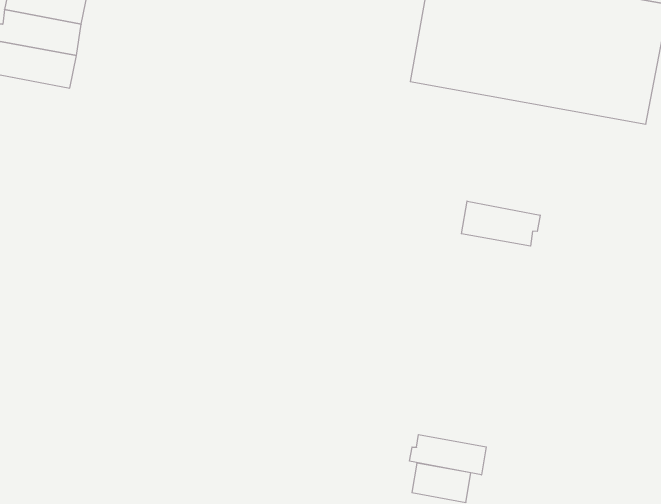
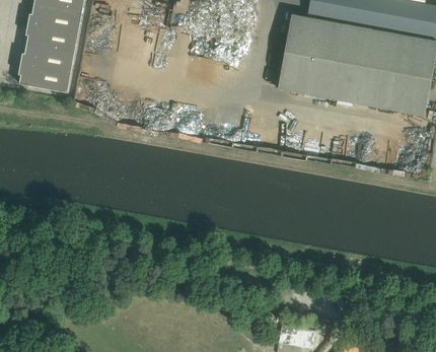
building: [461,201,540,246] -> none
building: [410,435,486,475] -> none

